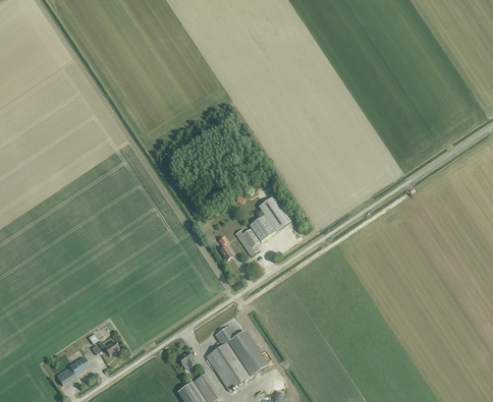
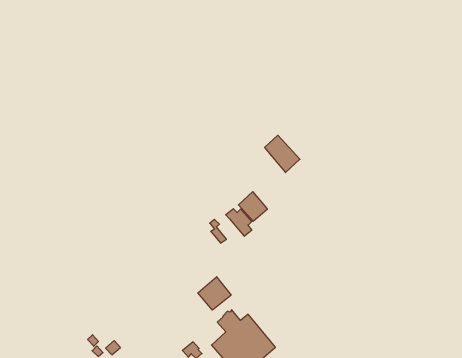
building: [258,195,290,232] -> [265,135,300,173]
building: none -> [198,277,231,310]

